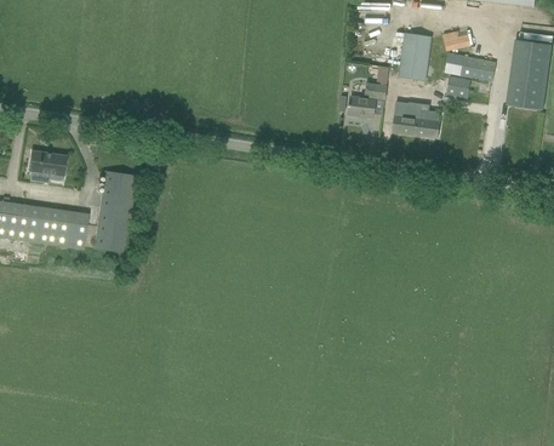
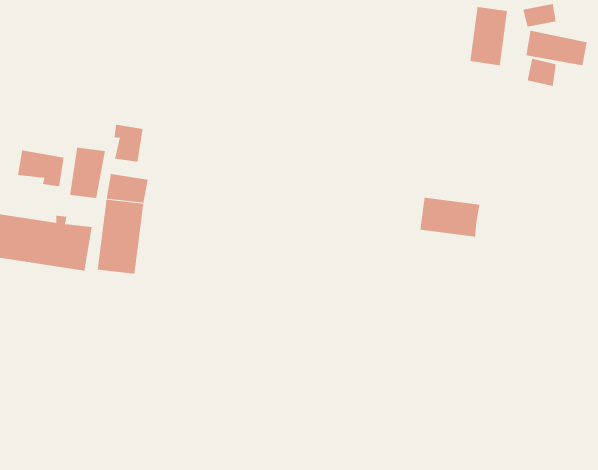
building: [348,81,385,116] -> none
building: [392,104,441,137] -> [420,197,480,237]
building: none -> [114,124,143,163]
building: none -> [69,147,106,199]

